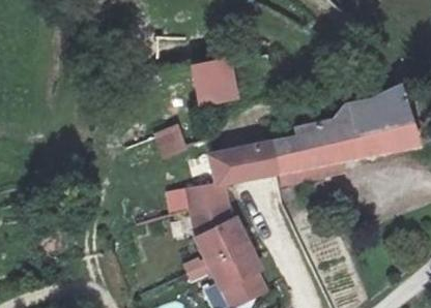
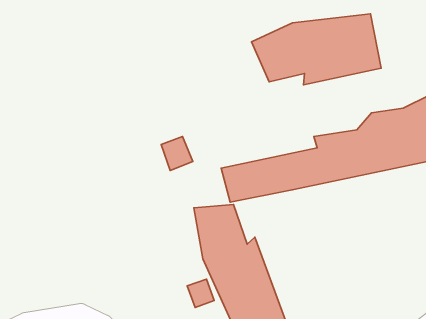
building: none -> [251,14,381,85]
building: [196,61,237,100] -> none

